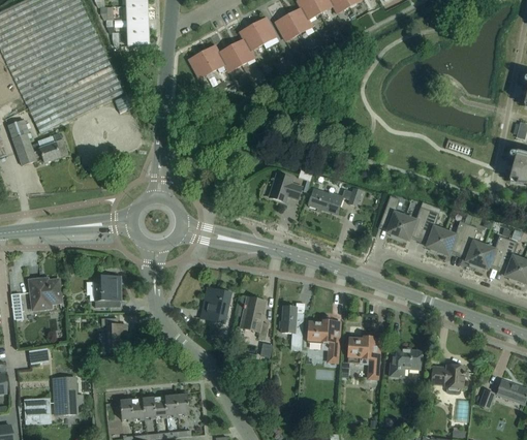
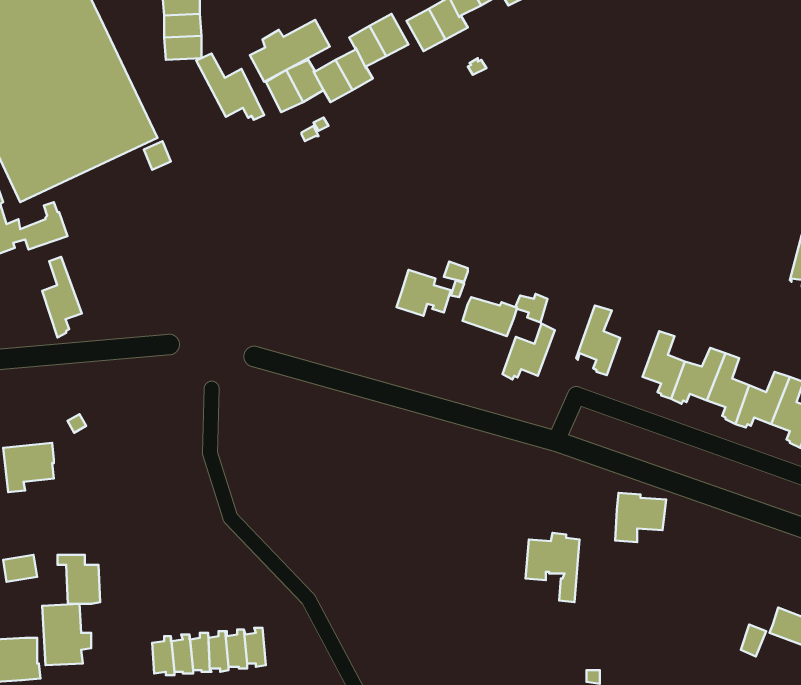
building: none -> [250,20,330,82]
building: none -> [196,54,264,120]
building: none -> [42,257,82,337]
building: [397,207,429,241] -> [502,323,555,379]
building: [94,276,120,307] -> none
building: [195,288,231,322] -> none
building: [240,296,269,339] -> none
building: [279,306,304,349] -> none
building: [307,315,340,359] -> none
building: [101,318,127,348] -> [58,555,100,604]
building: [390,347,421,377] -> [615,493,666,542]
building: [432,366,464,395] -> none

